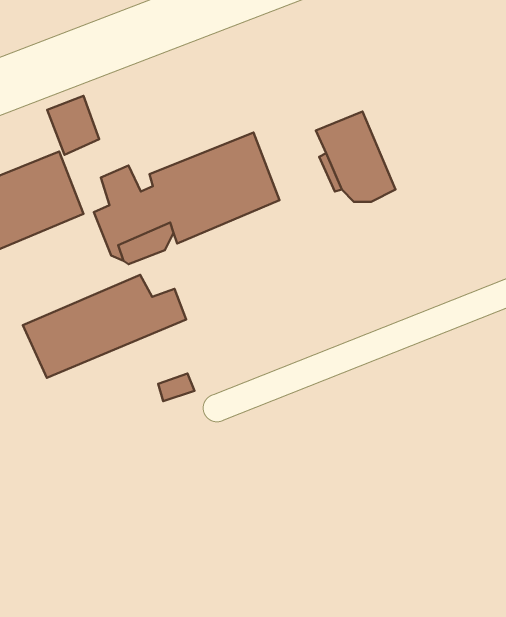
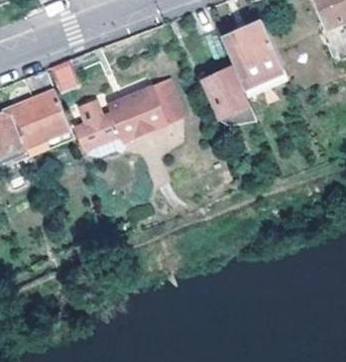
building: none -> [222,18,287,95]
building: [23,275,186,378] -> none

